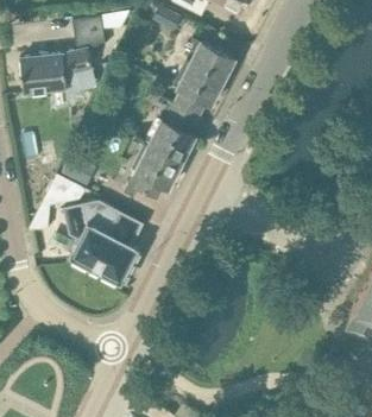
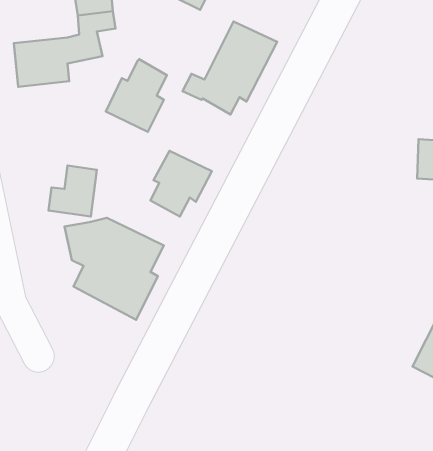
building: [149,102,198,162] -> [106,59,167,132]

